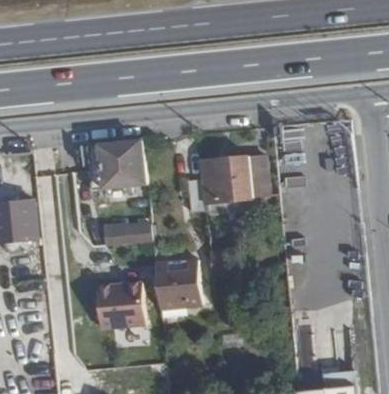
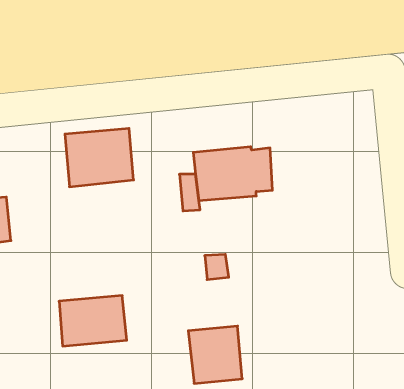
building: [98,220,146,243] -> none
building: [153,259,200,309] -> [188,326,242,383]

